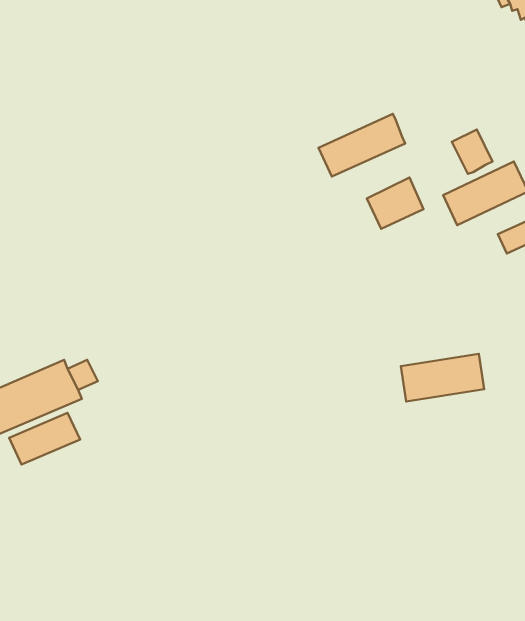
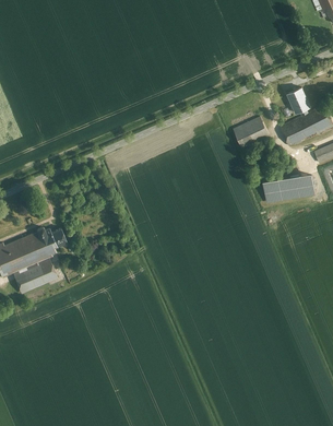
building: [318,114,405,176] -> none
building: [401,354,484,402] -> [262,174,313,203]

